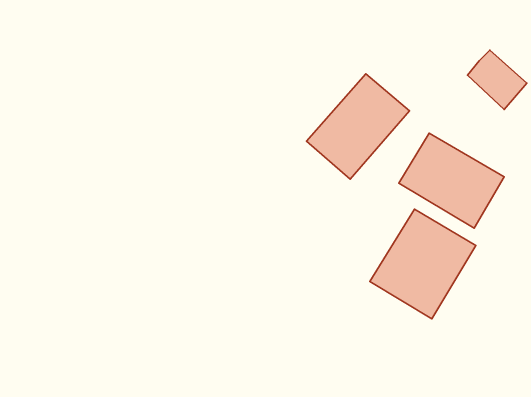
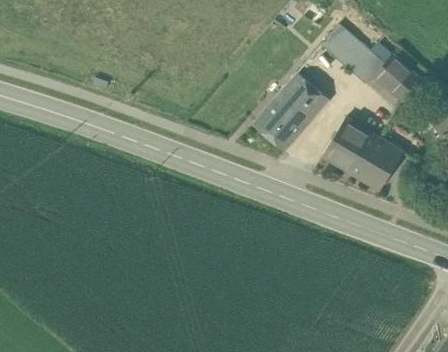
building: none -> [321,24,383,84]
building: [370,209,476,319] -> none

